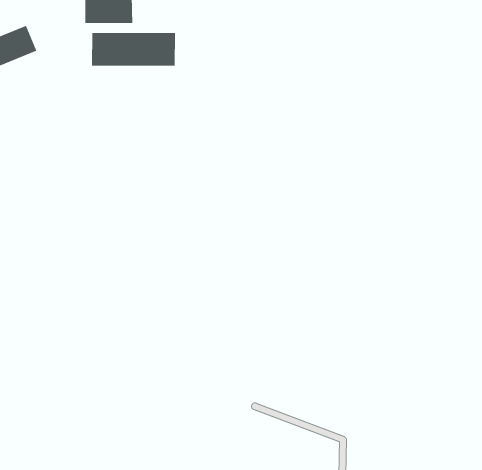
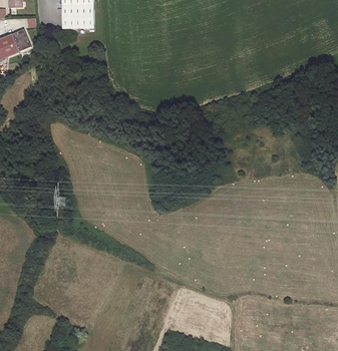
building: [91,32,175,67] -> none

